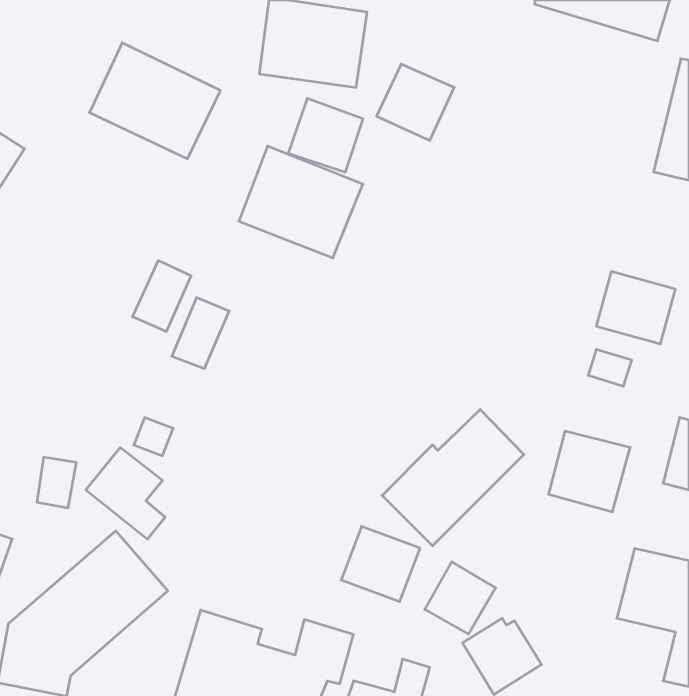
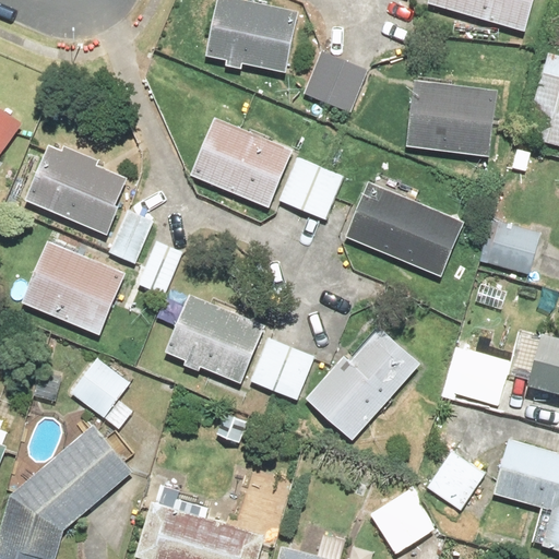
building: [89,43,220,159] -> [24,143,129,236]
building: [288,98,363,172] -> [280,158,340,217]
building: none -> [406,81,496,153]
building: none -> [348,187,463,272]
building: none -> [21,241,123,334]
building: none -> [164,293,264,384]
building: [341,526,420,602] -> [248,338,311,399]
building: [425,562,496,634] -> [427,452,484,510]

